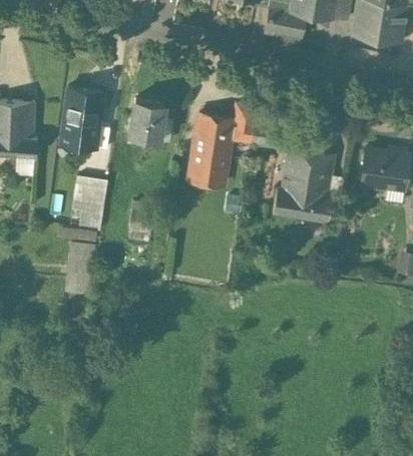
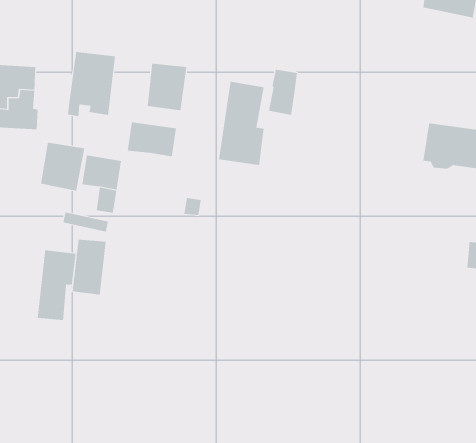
building: none -> [127,122,176,157]
building: [274,148,334,219] -> none
building: none -> [41,142,85,192]
building: none -> [37,249,76,321]

